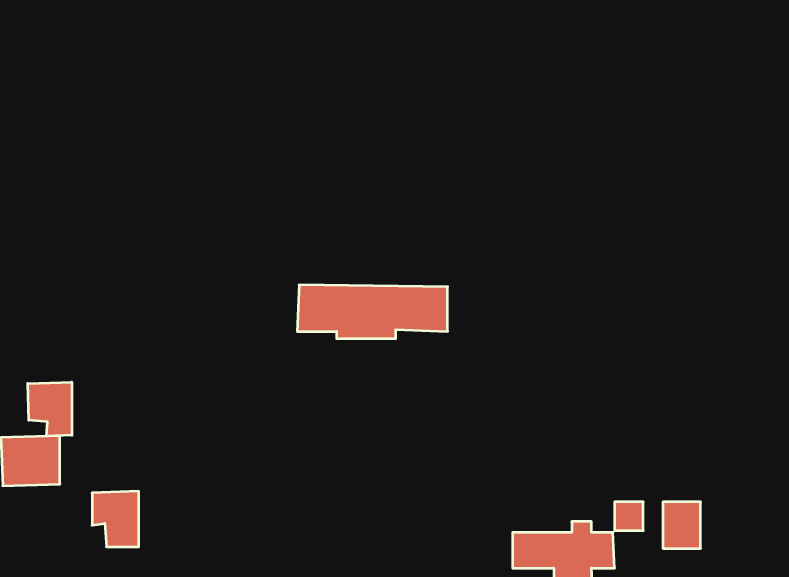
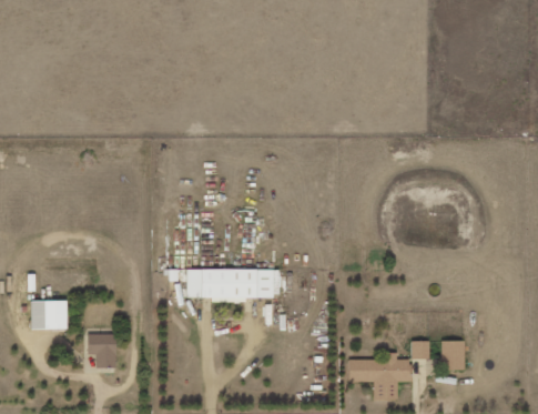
building: [297,285,448,339] -> [186,267,280,301]
building: [28,382,72,436] -> none

